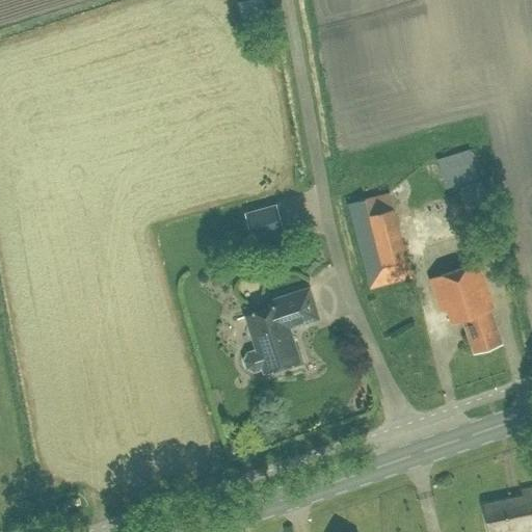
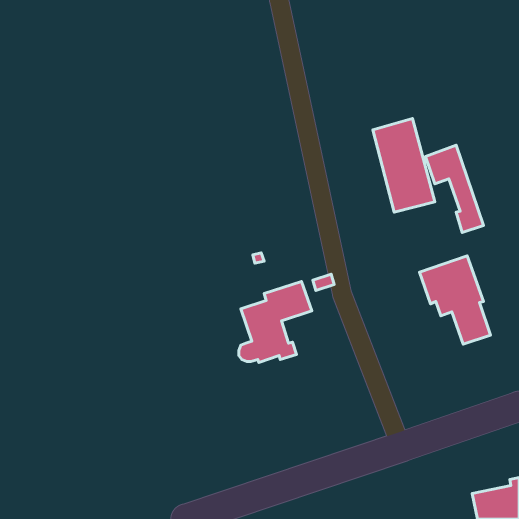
building: [346,192,409,288] -> [373,119,435,212]
building: [248,210,282,236] -> none

